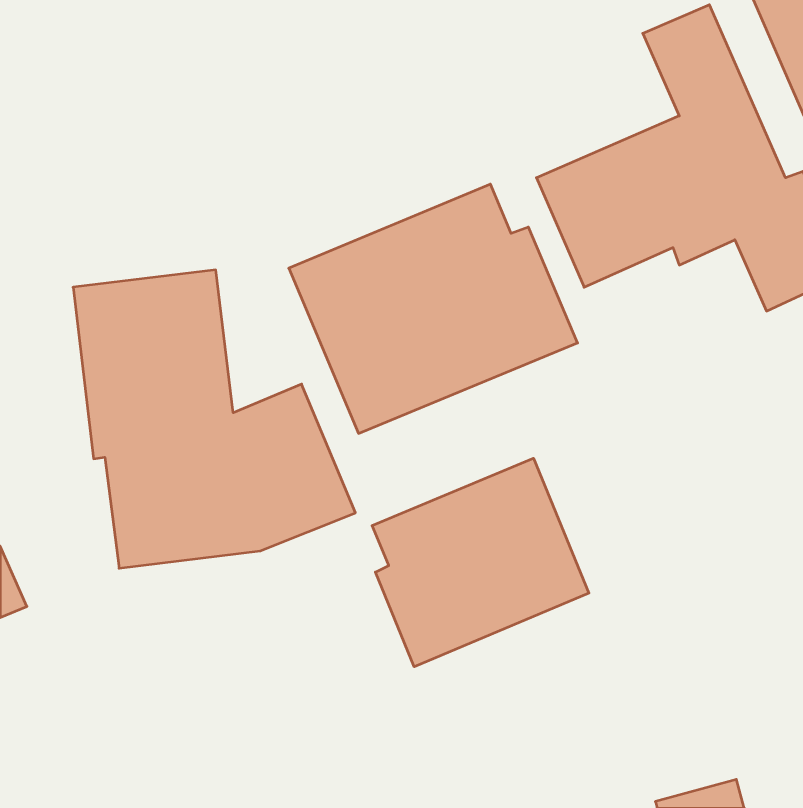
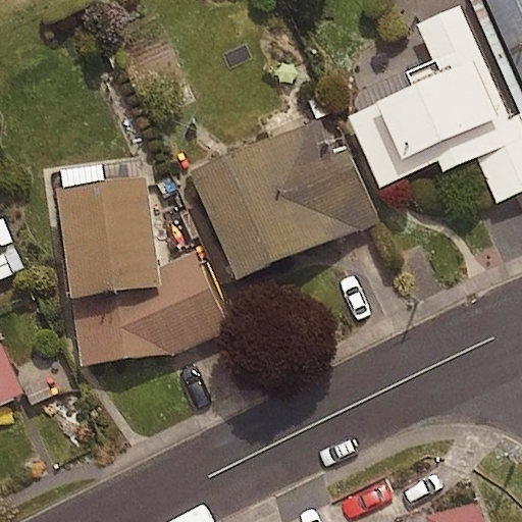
building: [372,458,589,667] -> none

